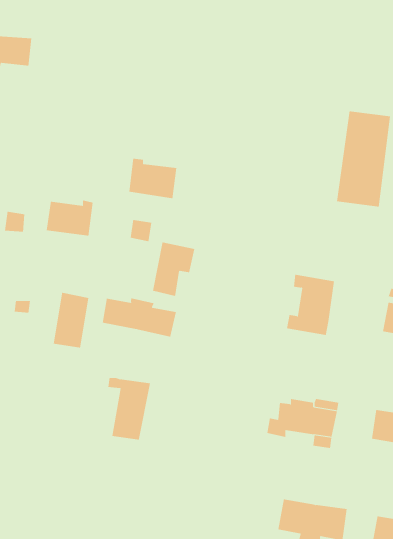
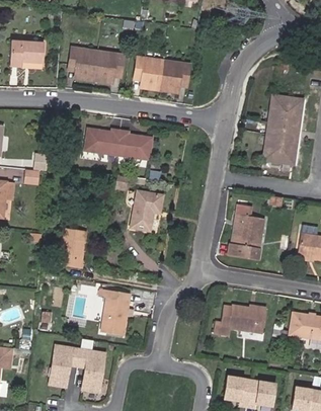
building: none -> [70,49,125,83]
building: none -> [135,58,189,91]
building: [46,200,93,236] -> [82,128,116,154]
building: [102,298,177,337] -> none
building: none -> [49,343,105,391]

